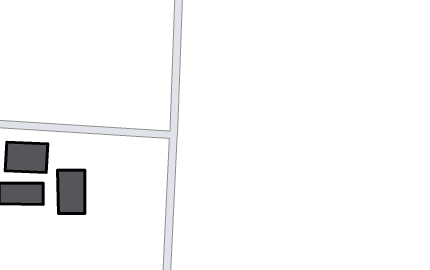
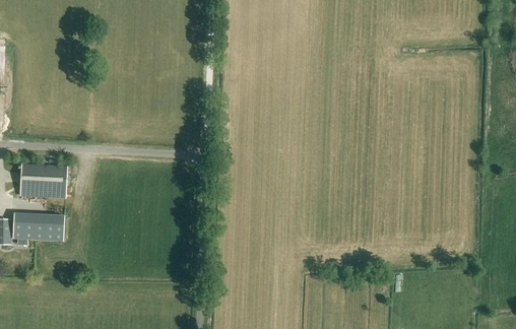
building: [57,170,85,213] -> none

